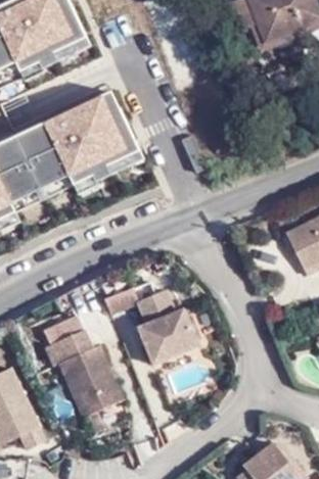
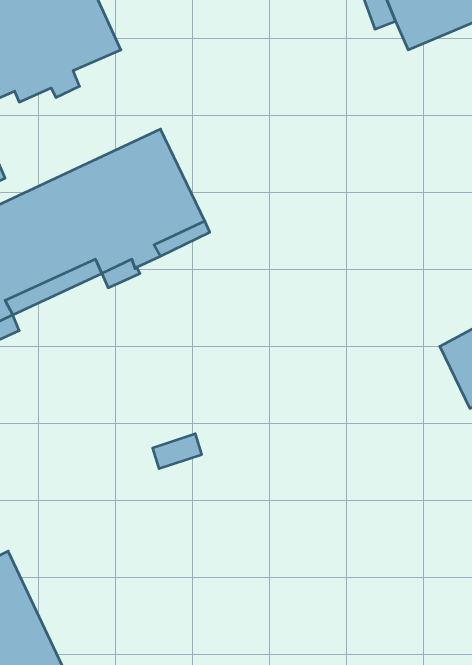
building: [136,287,194,360] -> none
building: [44,326,122,413] -> none

